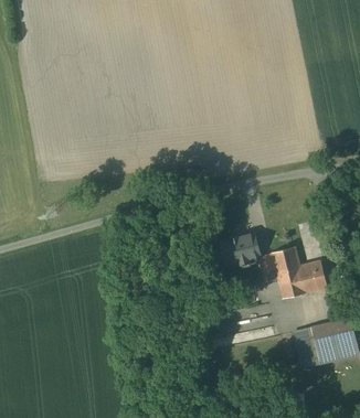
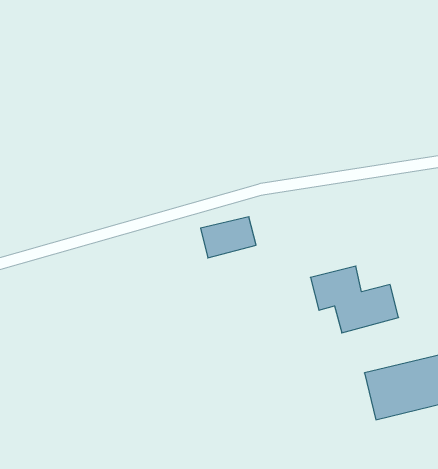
building: [216,234,260,266] -> [201,217,256,258]

